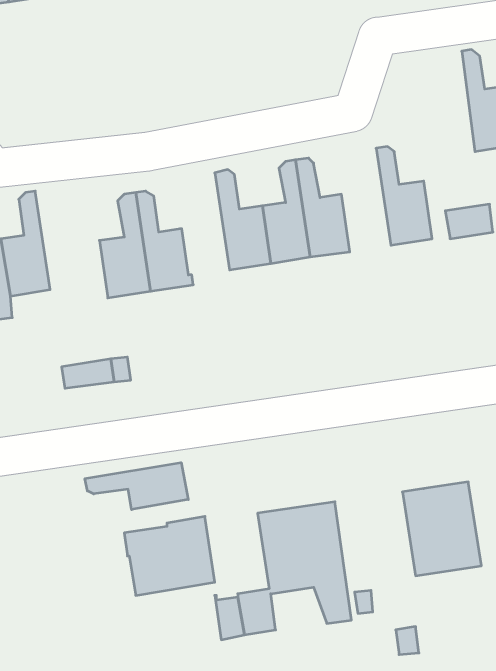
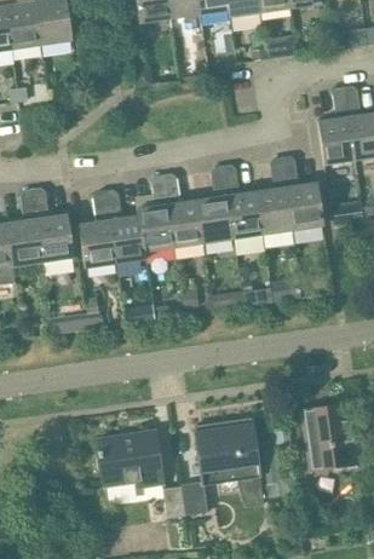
building: none -> [317,86,355,163]
building: none -> [257,157,293,234]
building: none -> [137,175,174,250]
building: none -> [31,188,73,261]
building: [85,463,188,510] -> none

